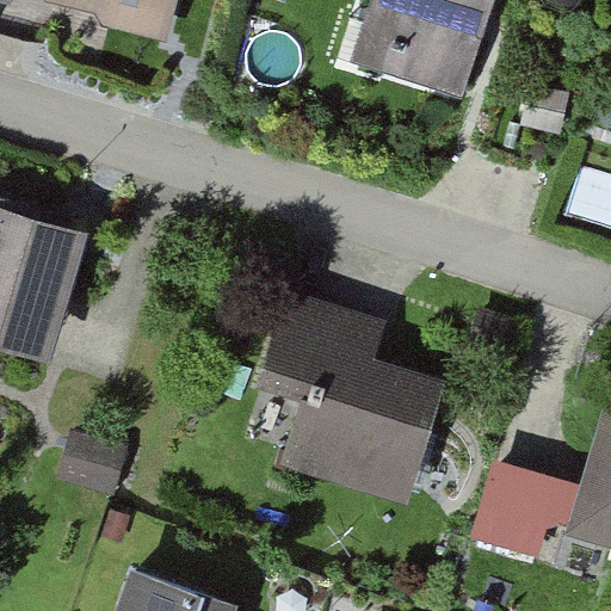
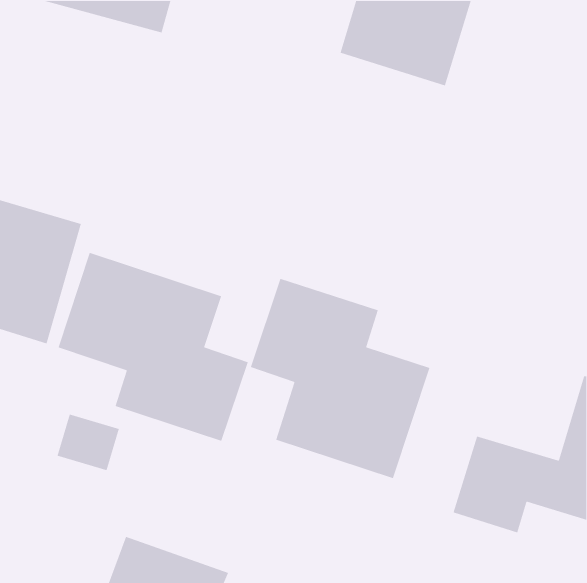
building: none -> [57,252,249,442]

